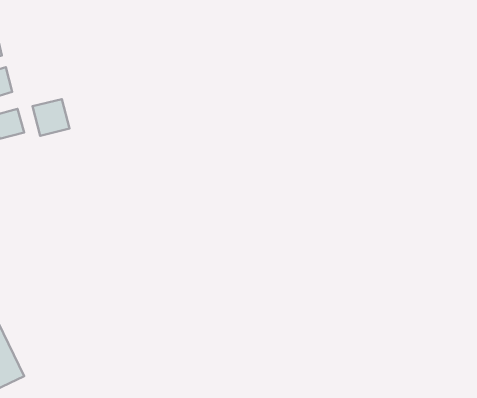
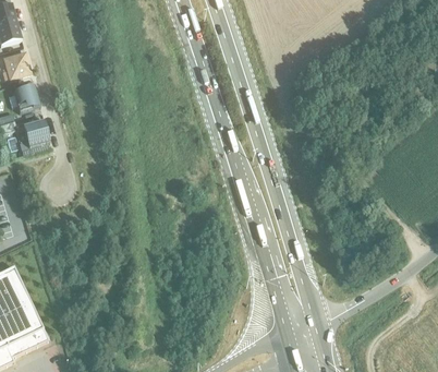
building: [33,99,69,136] -> none

